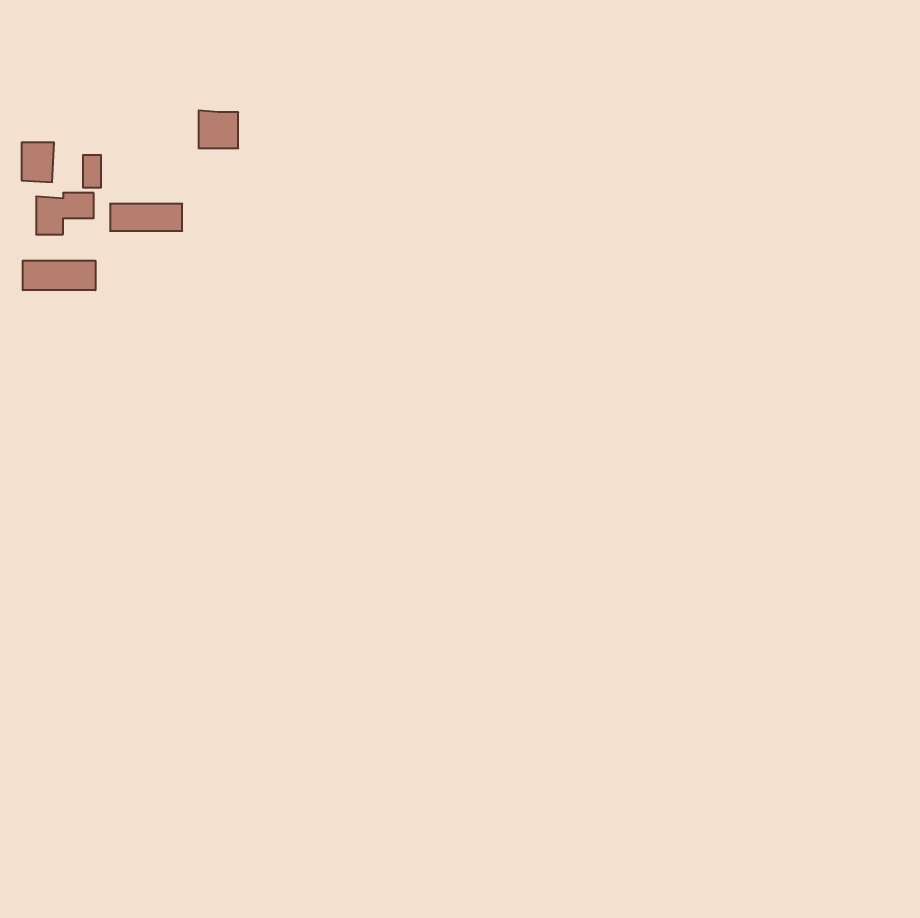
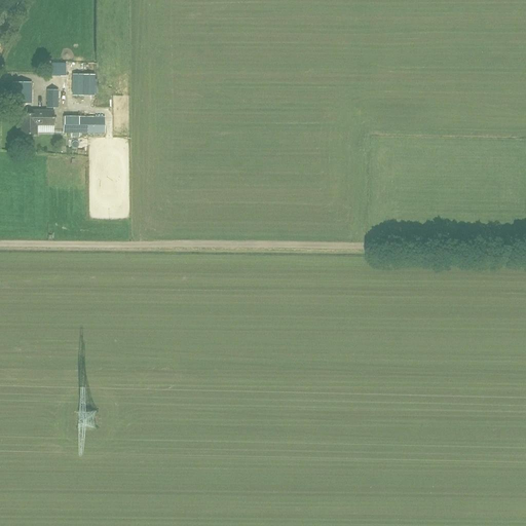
building: [199,110,238,148] -> [73,72,96,93]
building: [23,261,95,290] -> none

